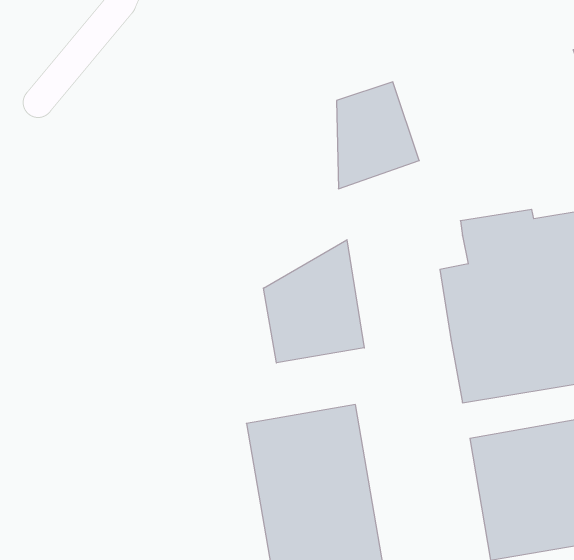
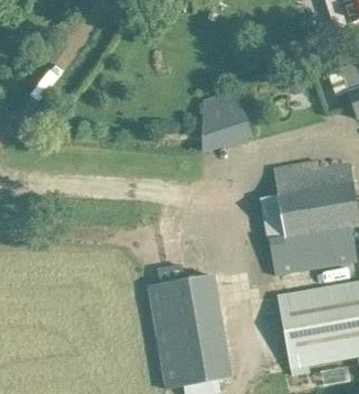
building: [263,240,364,363] -> none

